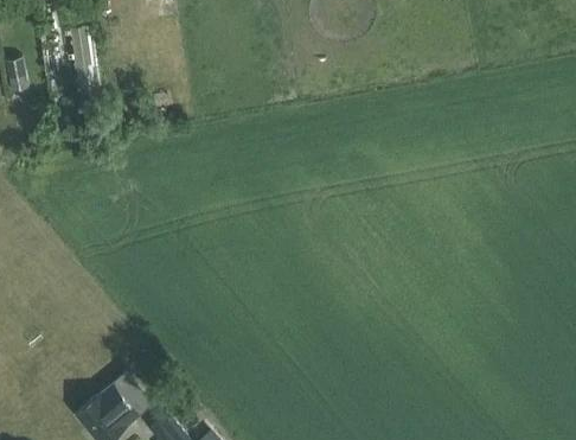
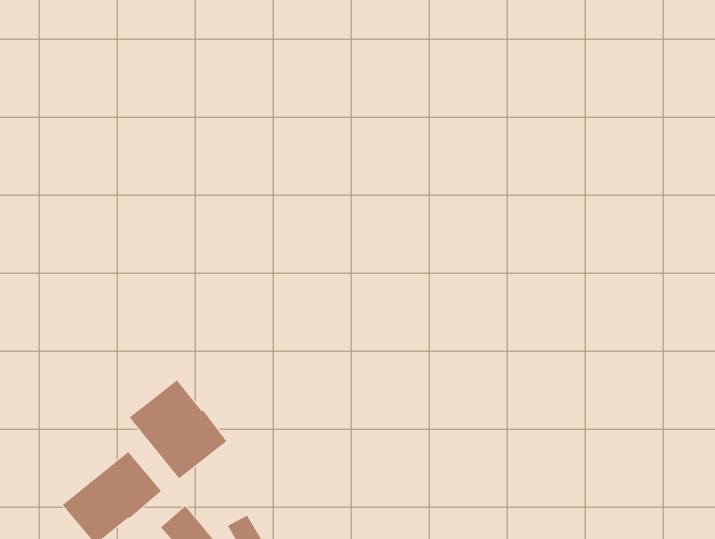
building: none -> [129,379,227,479]

